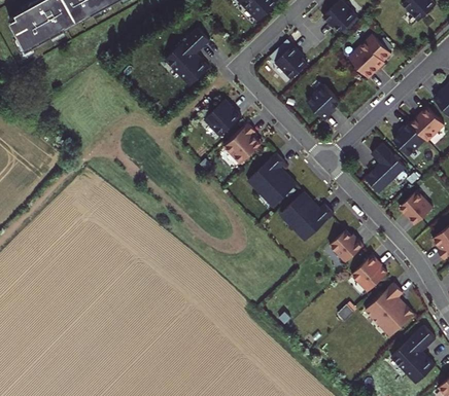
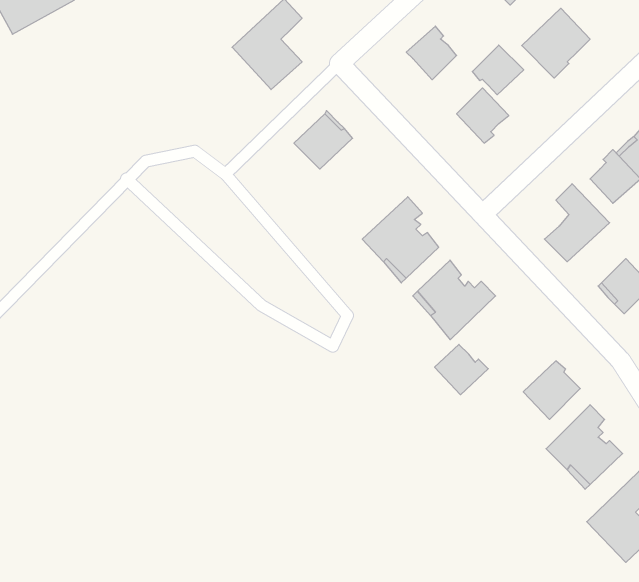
building: none -> [472,45,524,95]
building: [226,121,260,161] -> none
building: [329,230,362,262] -> [435,344,488,395]

